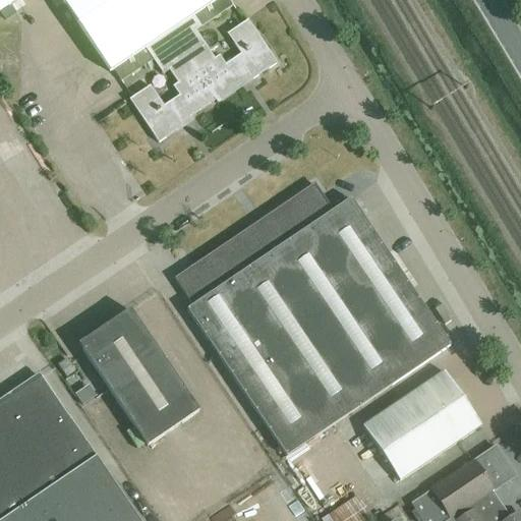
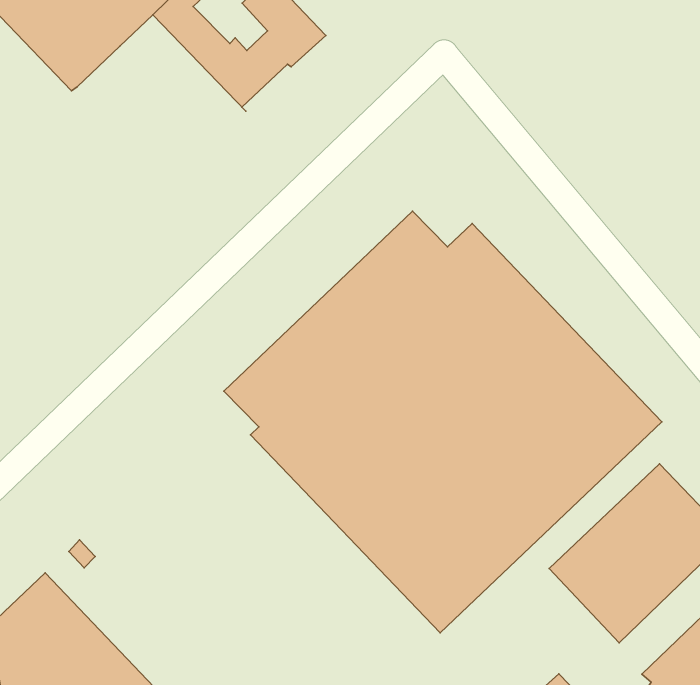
building: [114,30,219,140] -> none
building: [78,307,199,445] -> none

